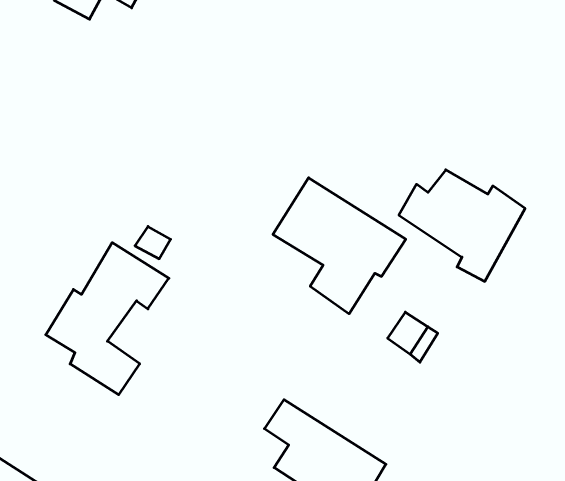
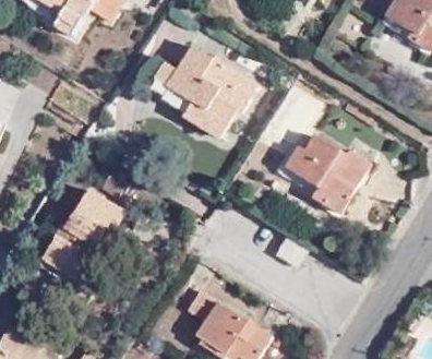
building: [273,178,406,314] -> [161,41,251,133]

